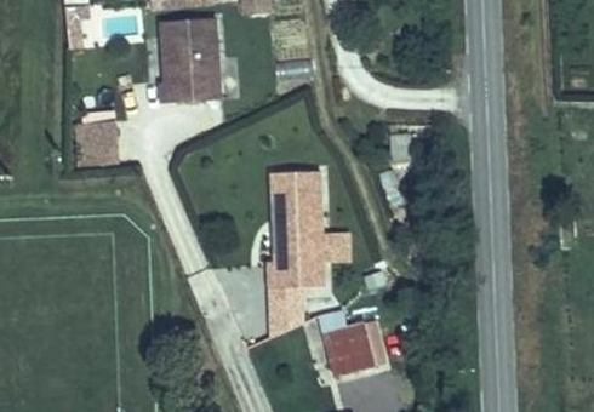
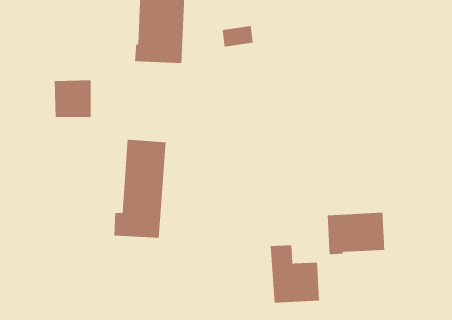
building: [261,170,324,287] -> [114,139,167,238]
building: none -> [327,212,385,255]

